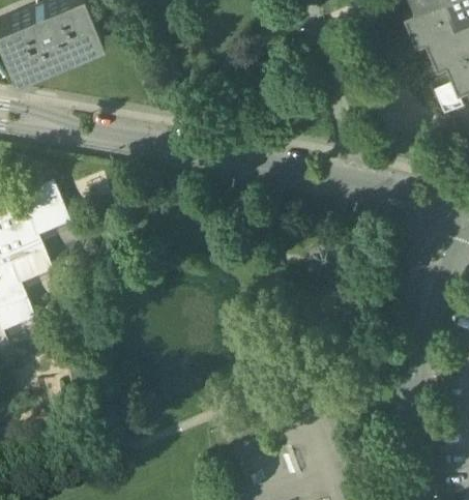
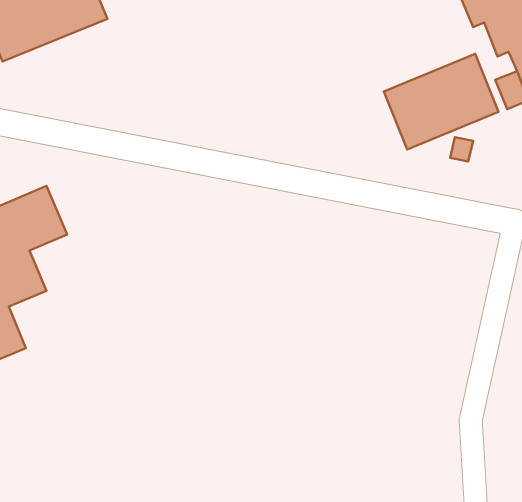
building: none -> [384,54,499,150]

